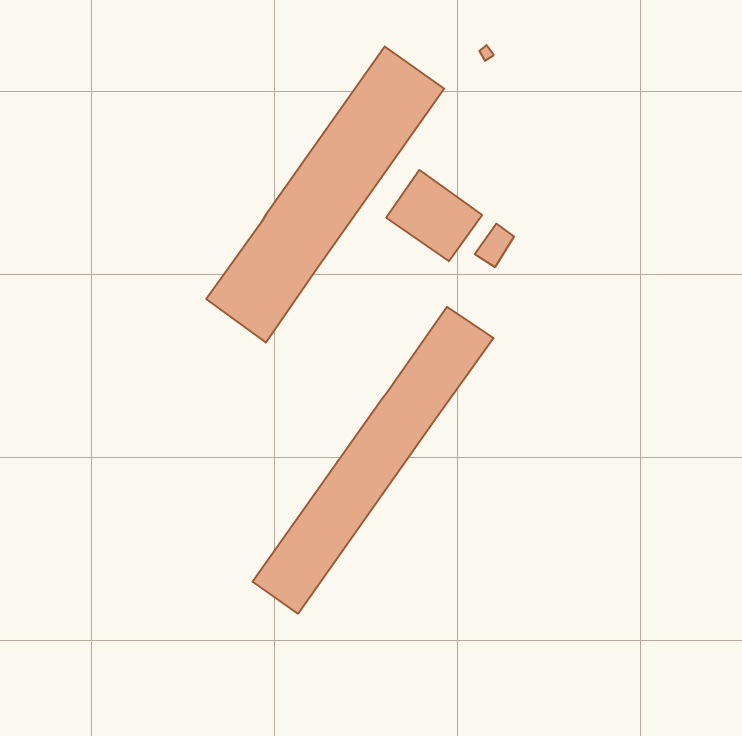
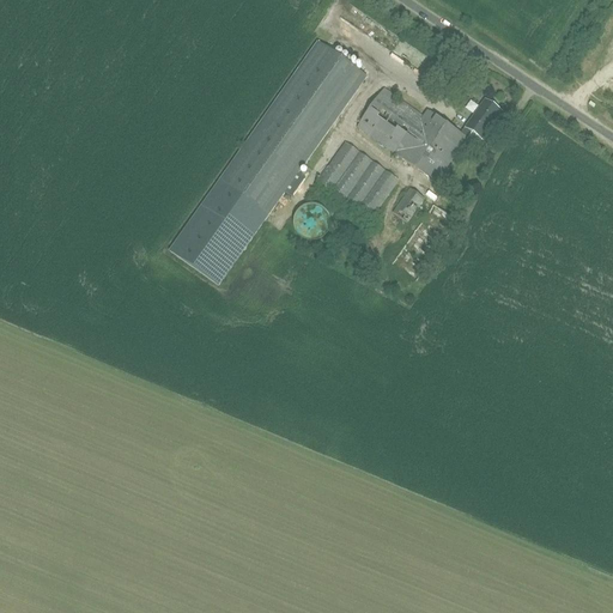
building: none -> [357,86,502,180]
building: [253,307,494,614] -> none

